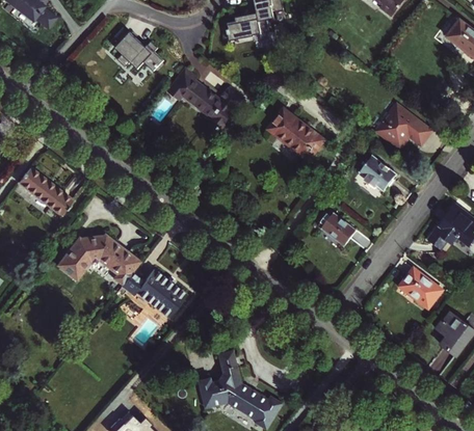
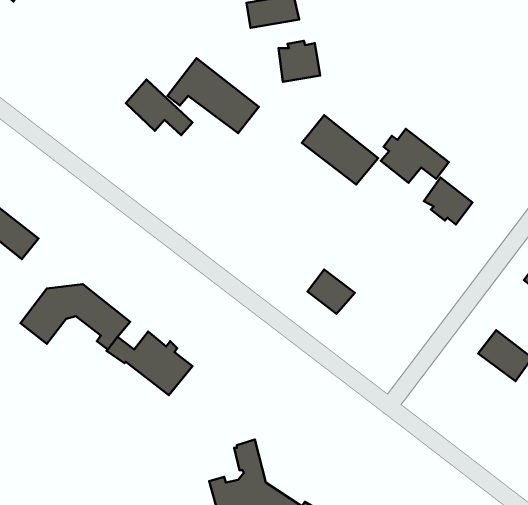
building: [116,30,166,72] -> [126,80,192,135]
building: none -> [278,41,320,82]
building: [377,106,428,146] -> [381,129,449,183]
building: [320,213,356,246] -> [308,269,355,314]

